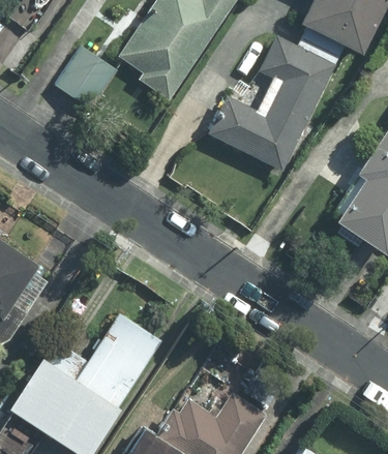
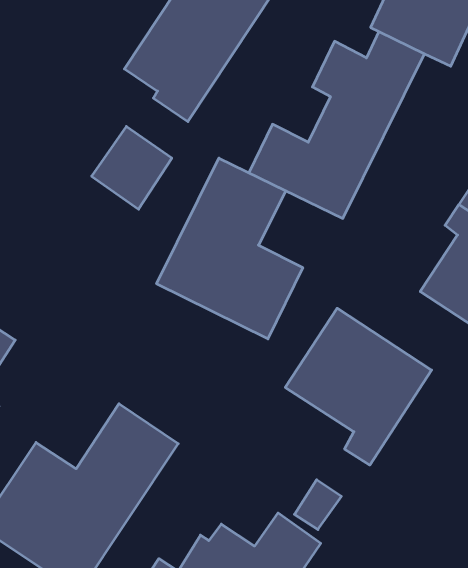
building: [54,48,114,110] -> [92,126,172,209]
building: none -> [157,158,303,339]
building: none -> [285,308,432,465]

